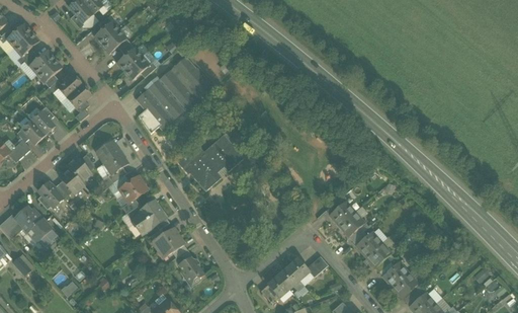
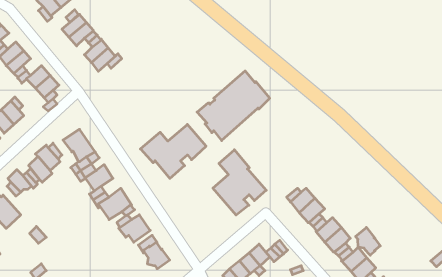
building: [137,57,211,129] -> [197,71,270,141]
building: none -> [213,150,266,215]
building: none -> [356,227,380,255]

